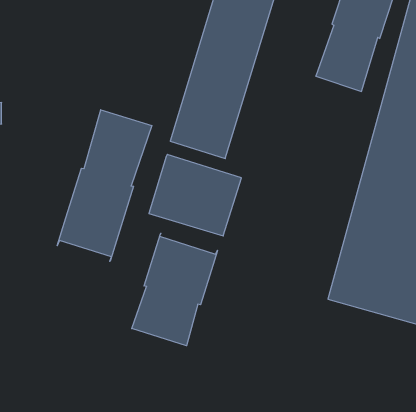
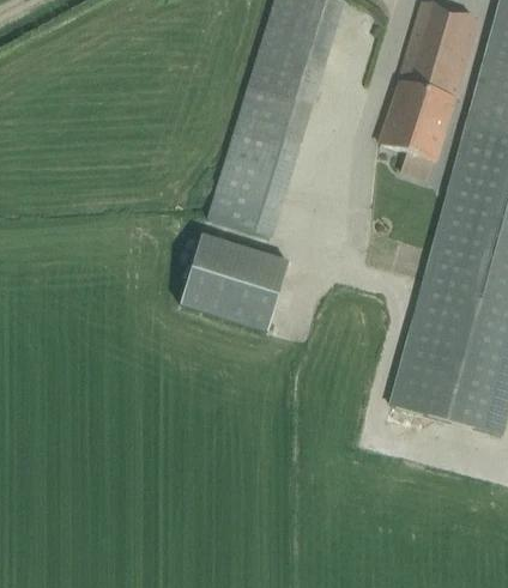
building: [57,110,152,261] -> none
building: [132,233,217,346] -> none

